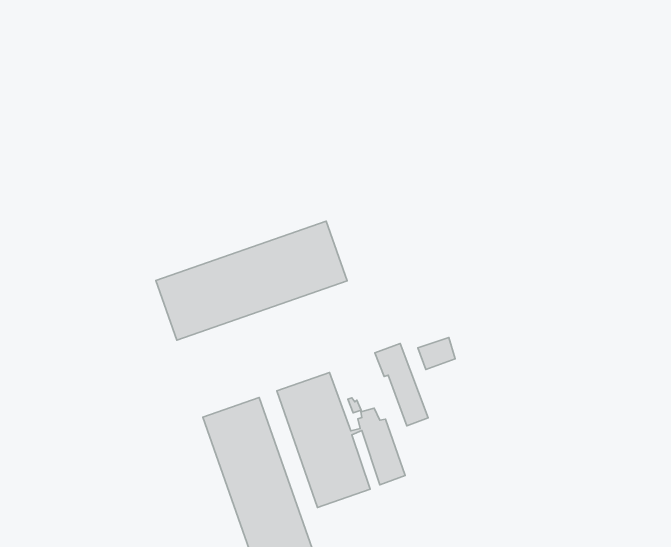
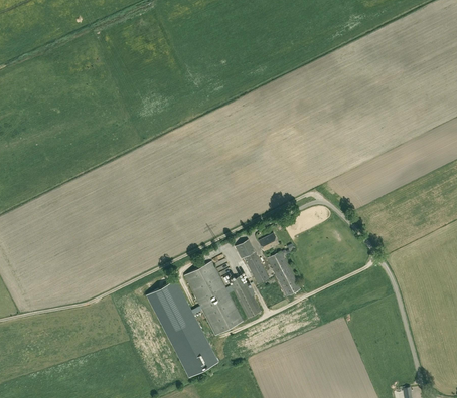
building: [156,221,347,340] -> none
building: none -> [267,251,301,296]

